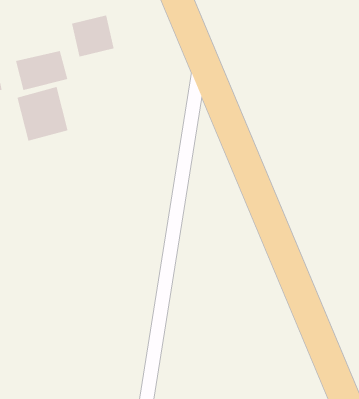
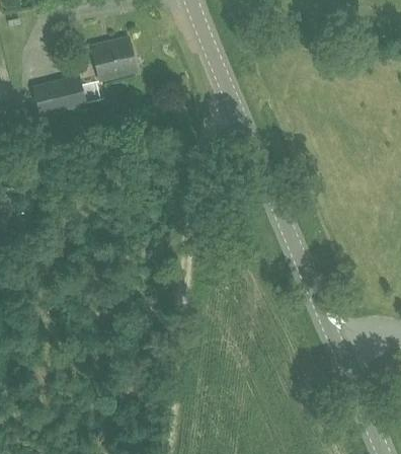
building: [17,86,68,142] -> none

